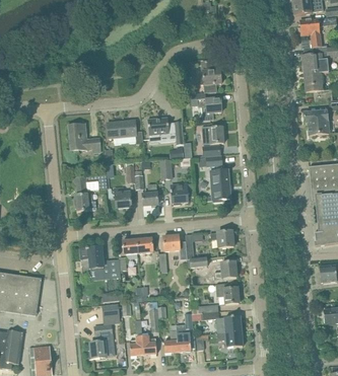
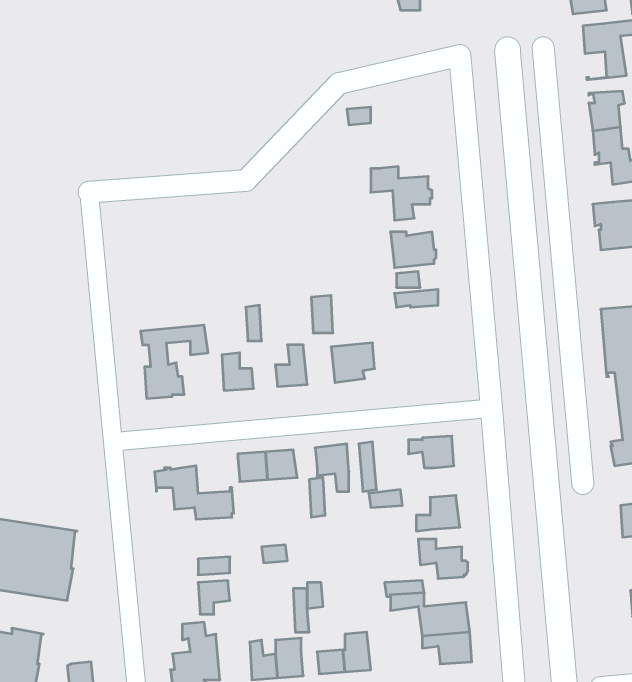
building: [199,61,222,92] -> none
building: [147,117,184,145] -> none
building: [107,120,143,144] -> none
building: [68,125,100,153] -> none
building: [210,169,229,200] -> none

